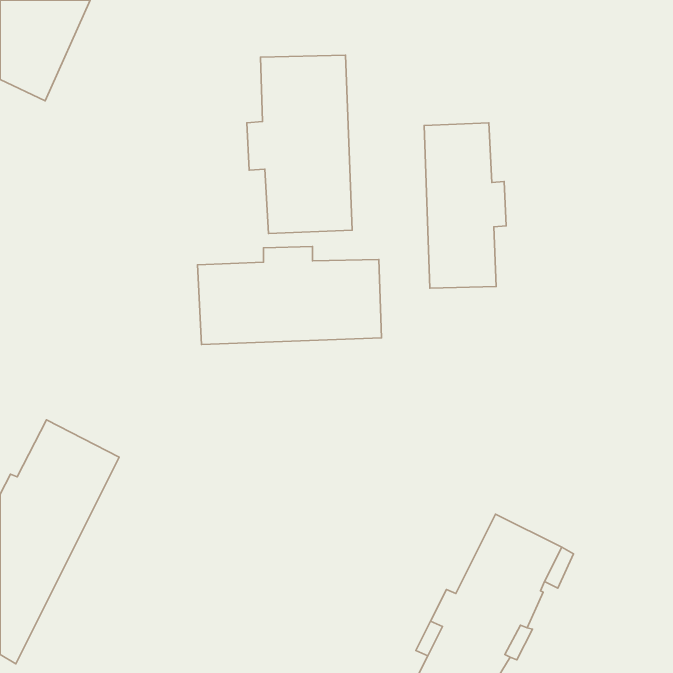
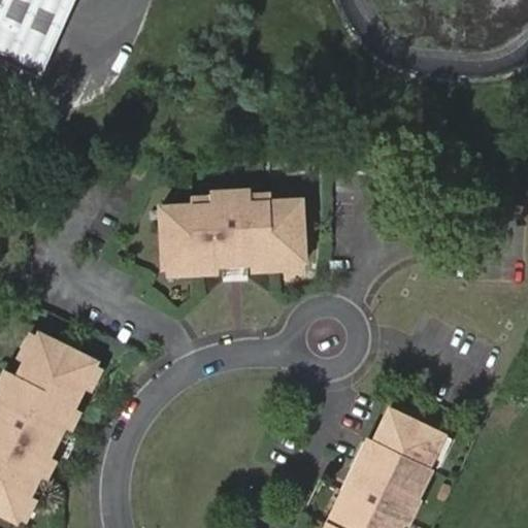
building: [247,55,352,233] -> none
building: [424,123,506,288] -> none

